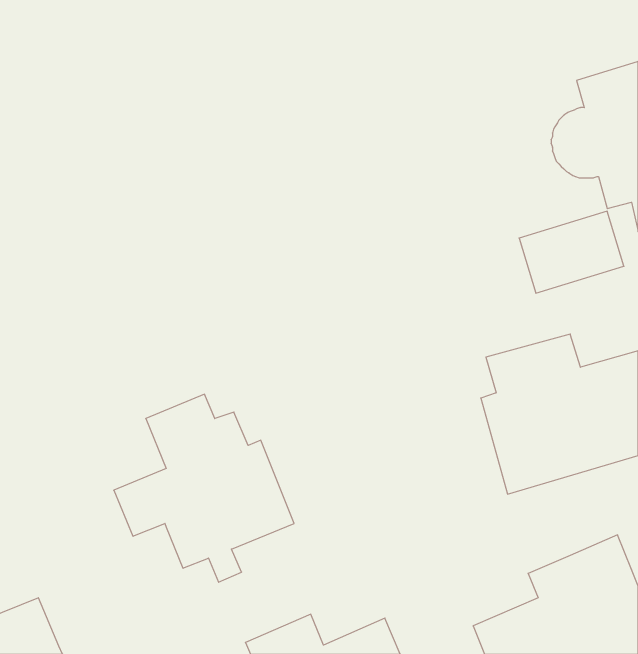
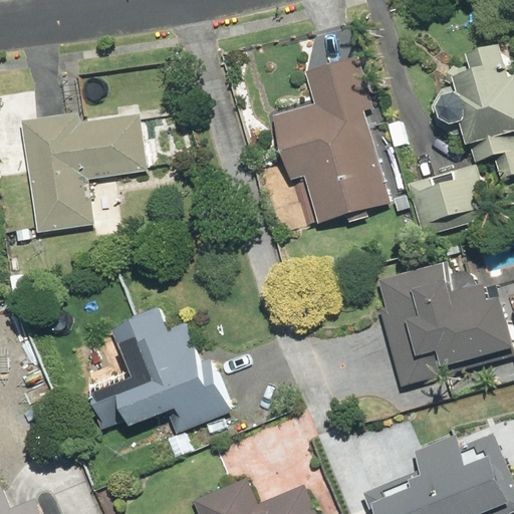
building: none -> [273,56,391,227]
building: none -> [21,115,144,244]

